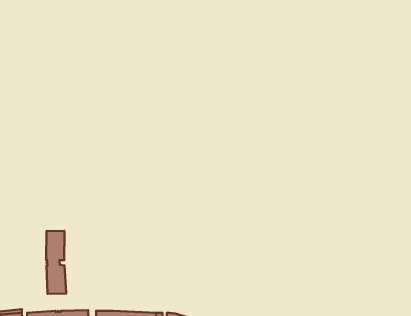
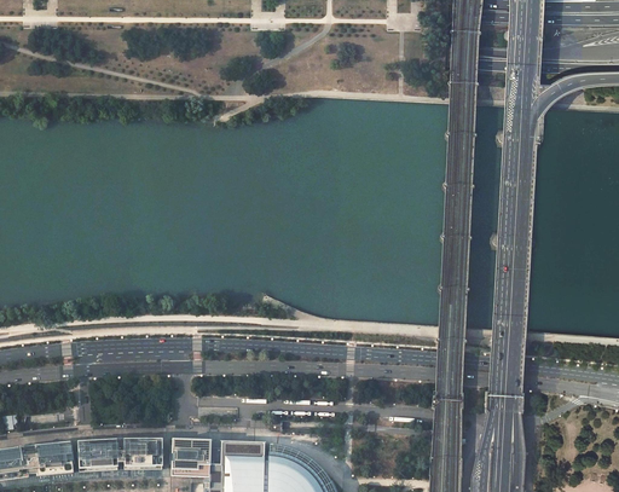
building: [46,231,66,294] -> none

